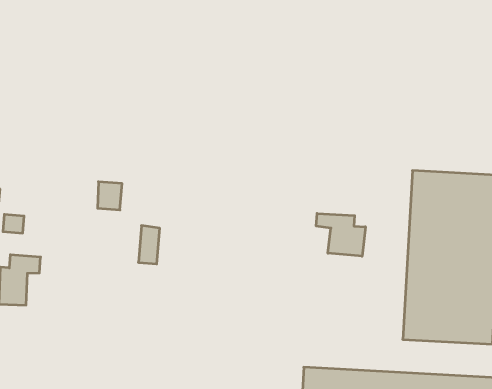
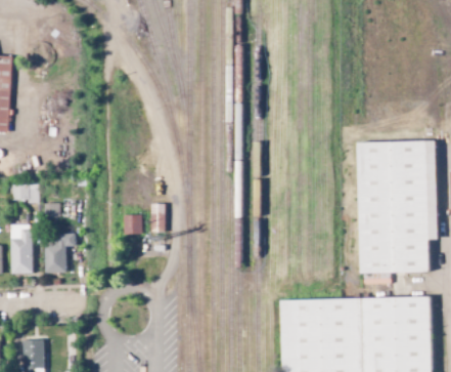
building: [98,182,122,210] -> [121,213,139,234]
building: [316,213,365,256] -> none

